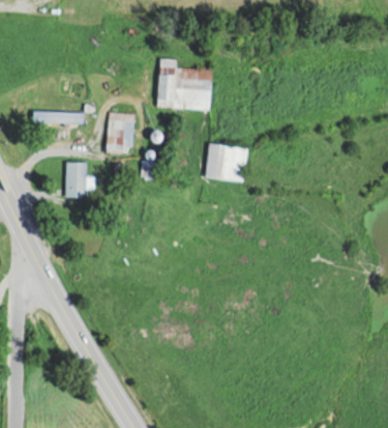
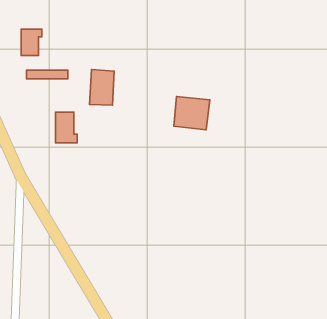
building: [157,59,212,111] -> none
building: none -> [21,29,42,56]

